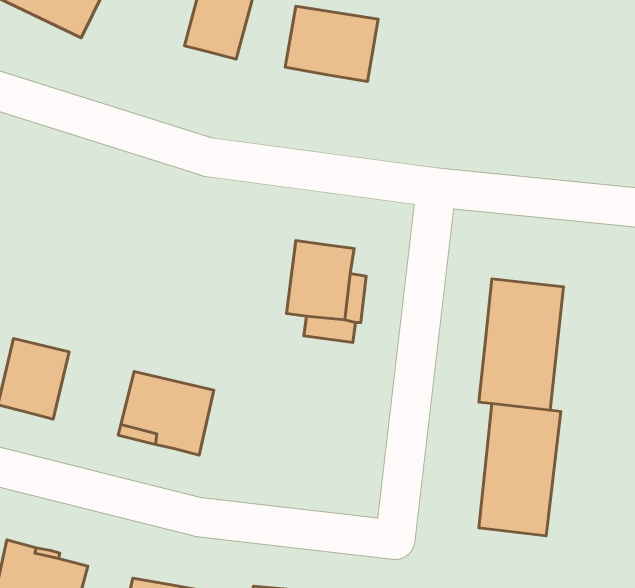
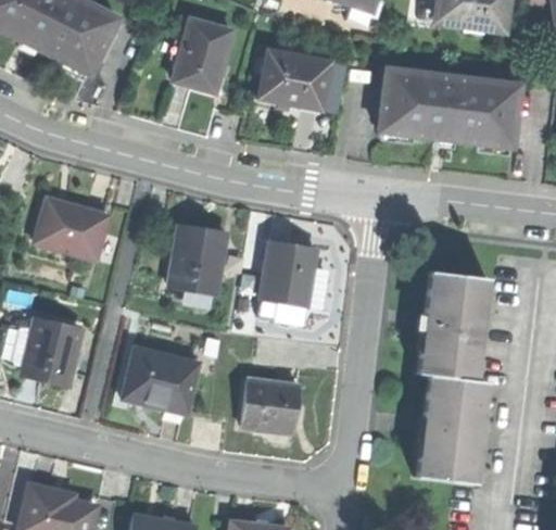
building: none -> [379,66,521,146]
building: none -> [36,198,109,258]
building: none -> [168,227,225,295]
building: none -> [240,380,299,433]

